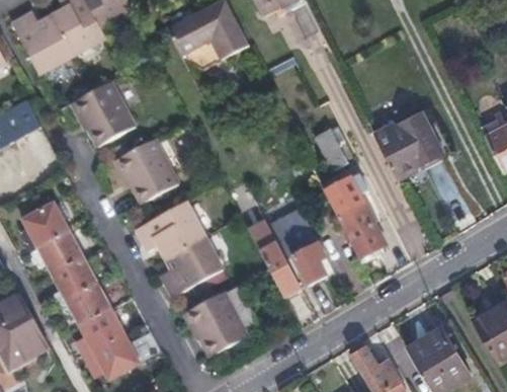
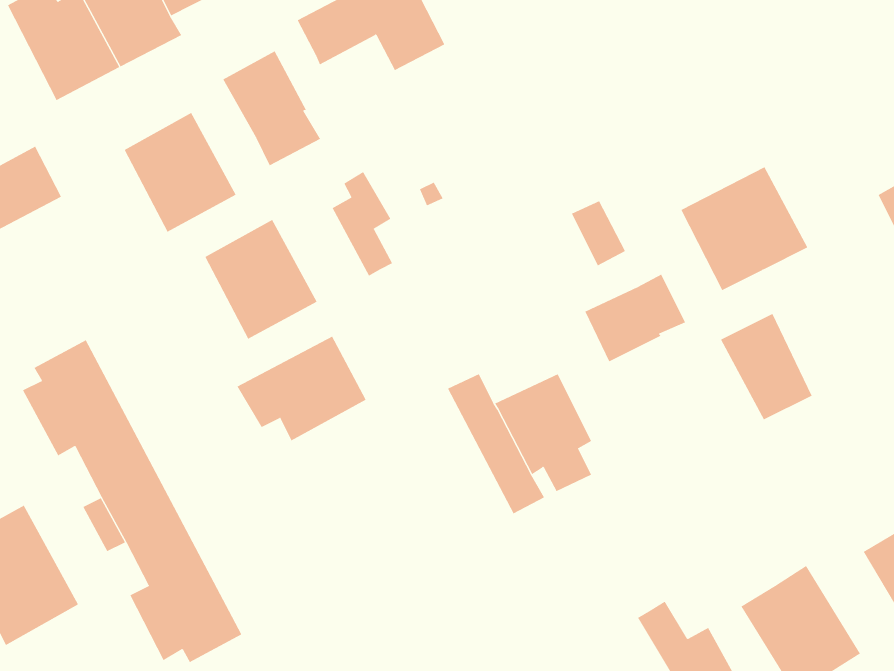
building: none -> [223,51,321,166]
building: none -> [332,171,393,276]
building: [336,202,386,259] -> [720,313,812,420]
building: [161,236,224,298] -> none
building: [185,293,247,359] -> none

